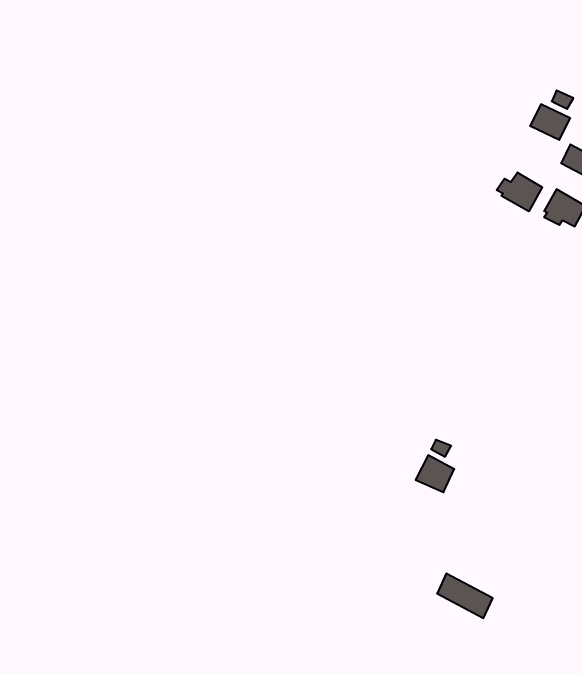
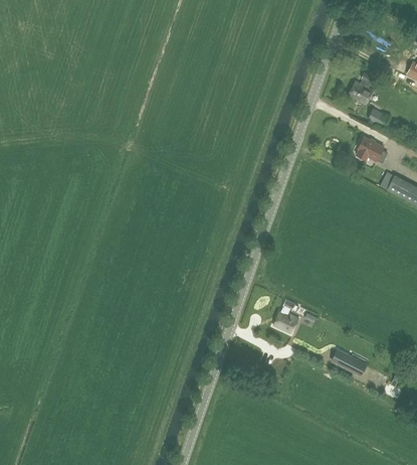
building: [497,172,542,211] -> none
building: [437,573,493,618] -> [331,347,367,376]

